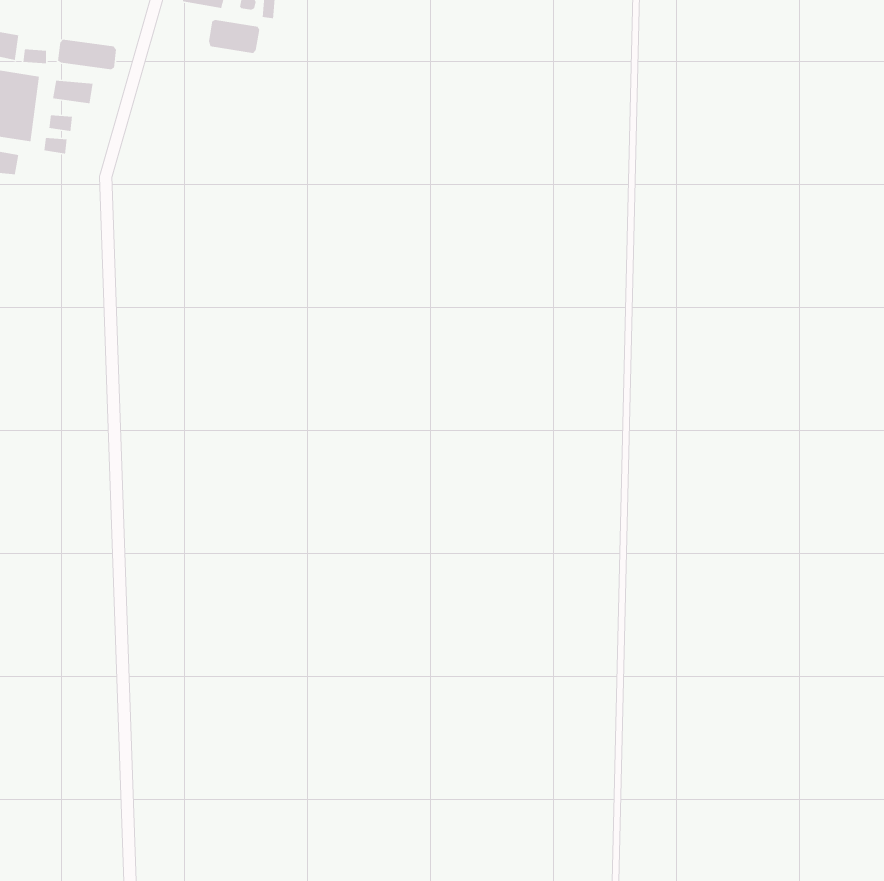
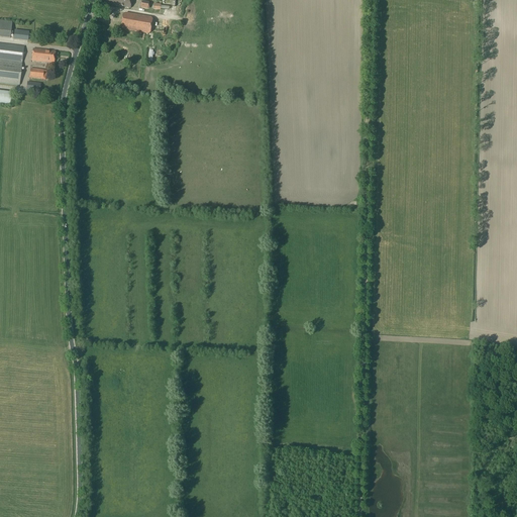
building: [57,39,117,70] -> none

